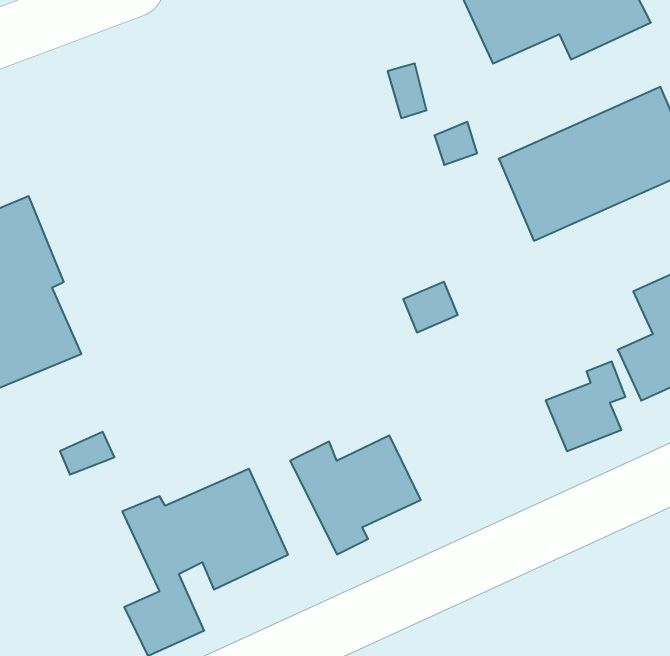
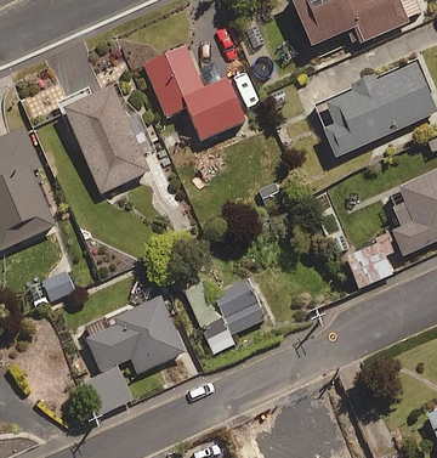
building: none -> [143,45,245,140]
building: none -> [63,86,149,192]

